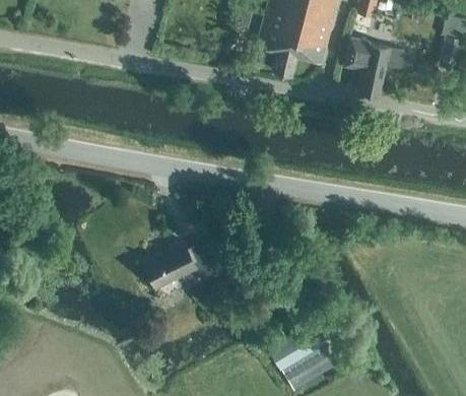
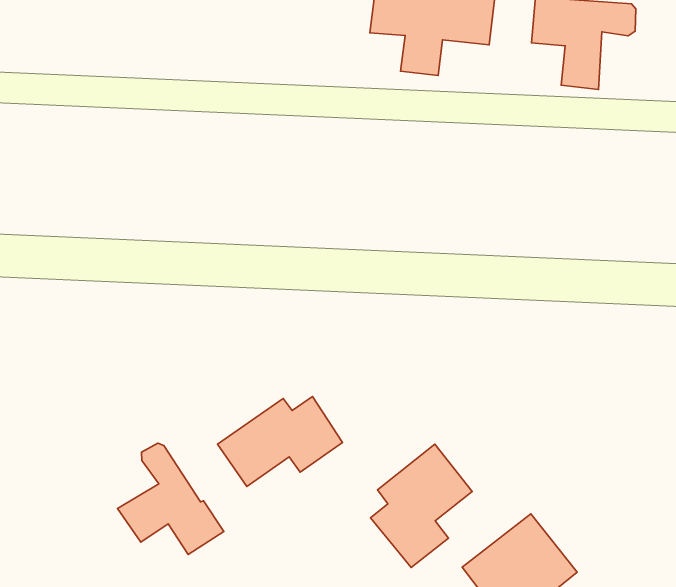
building: none -> [117,443,224,554]
building: none -> [370,444,472,567]

